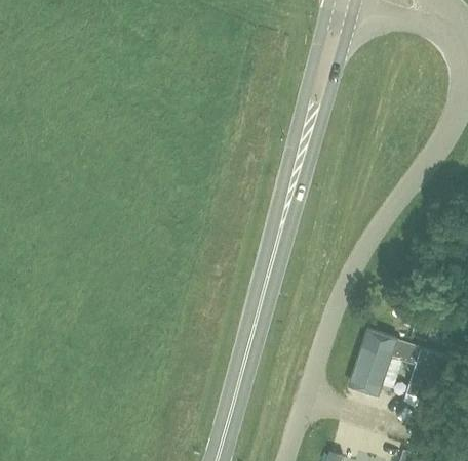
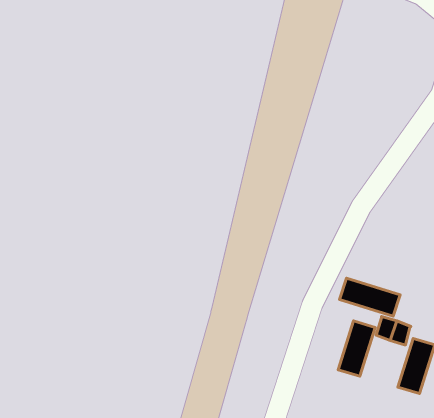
building: none -> [340,278,400,316]

